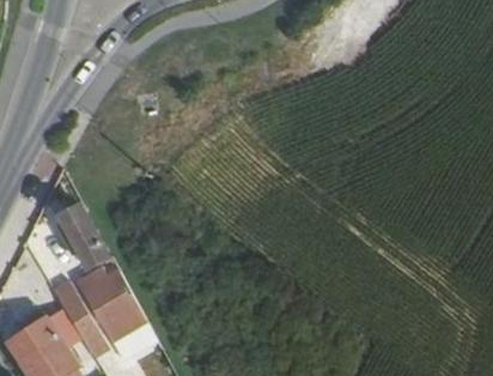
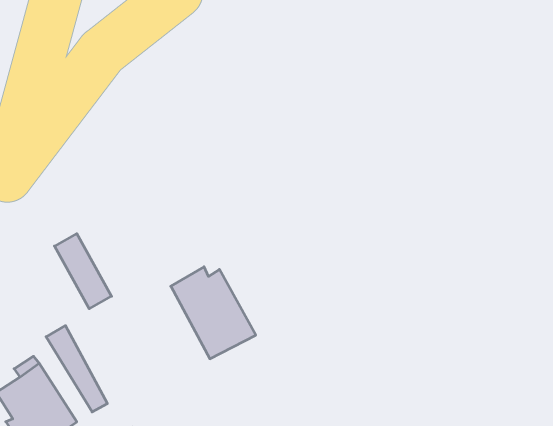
building: [78,269,151,348] -> [171,267,256,359]

